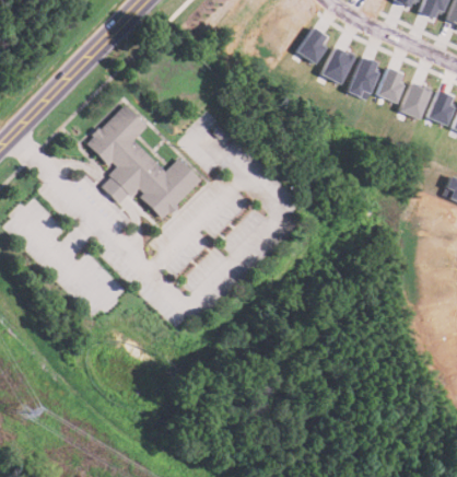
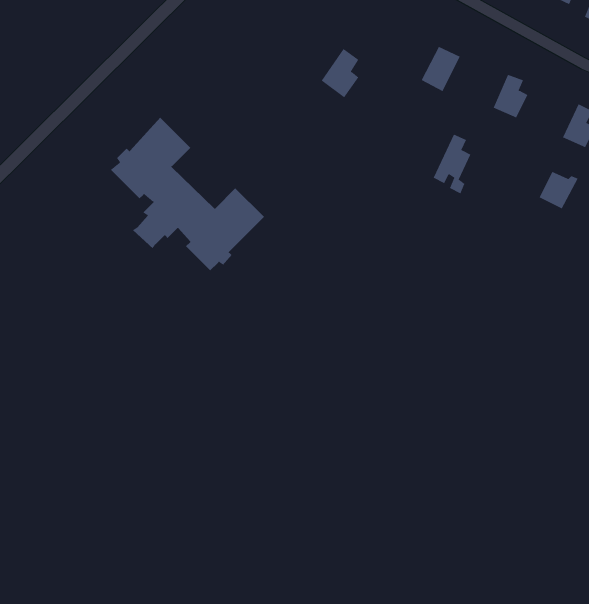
building: [294,27,323,65] -> [321,48,359,98]
building: [345,58,374,103] -> [433,134,471,194]
building: [399,86,429,115] -> [539,171,578,209]

